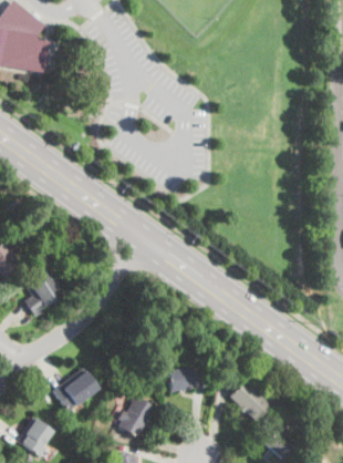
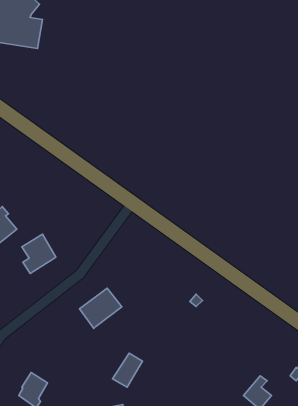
building: [170,367,195,392] -> none
building: [54,369,100,412] -> [79,288,122,329]
building: [230,381,274,421] -> none

